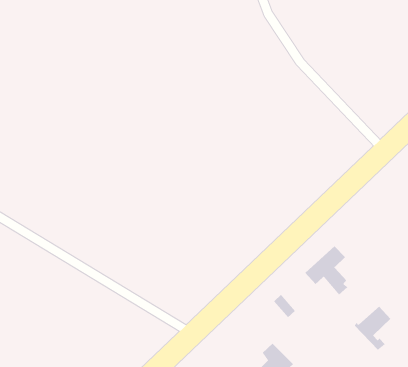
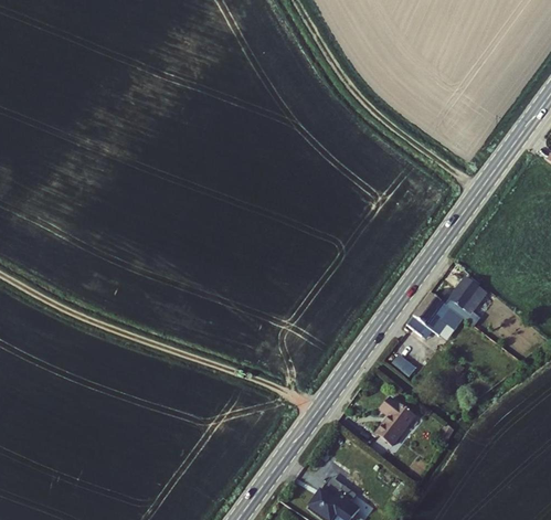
building: [354,306,391,351] -> [451,276,487,321]

